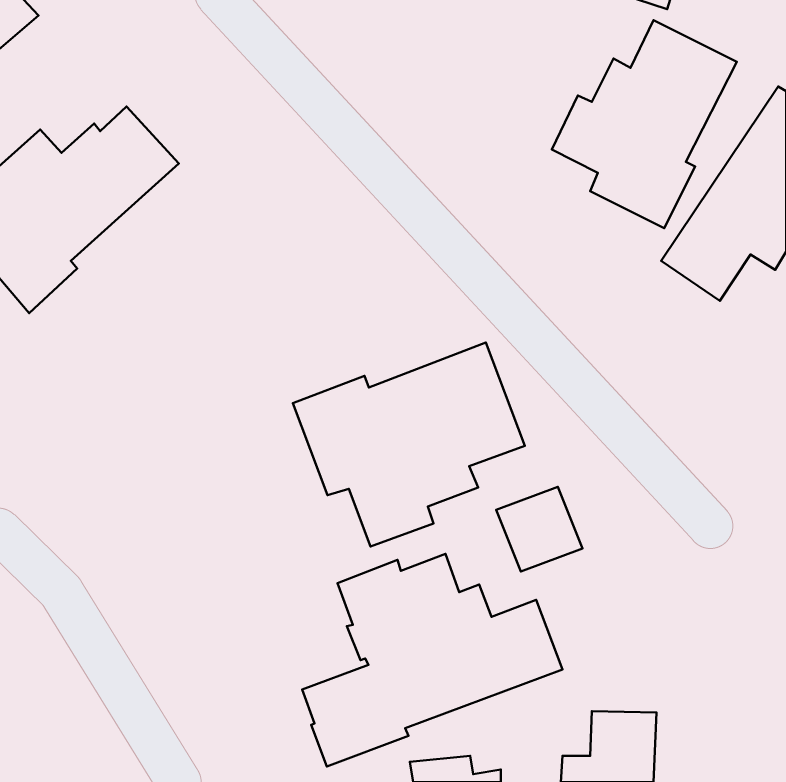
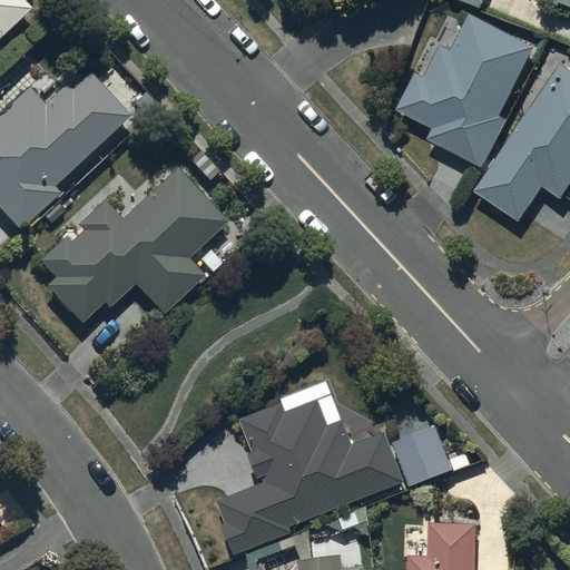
building: none -> [45,177,219,321]
building: [293,342,525,546] -> none
building: [496,487,582,572] -> [393,422,455,483]

